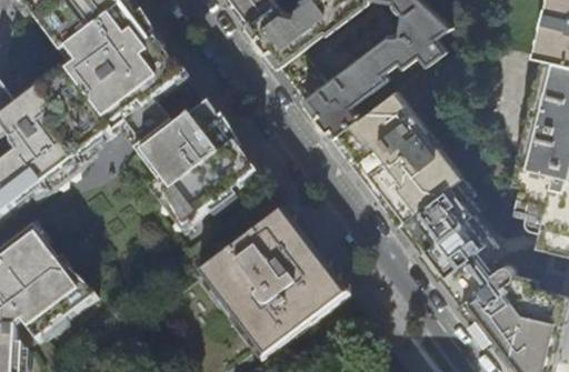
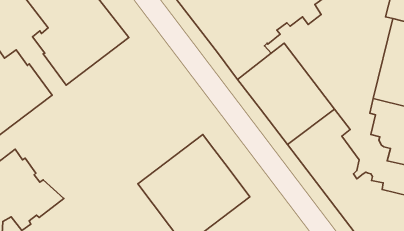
building: [133,104,257,232] -> none

